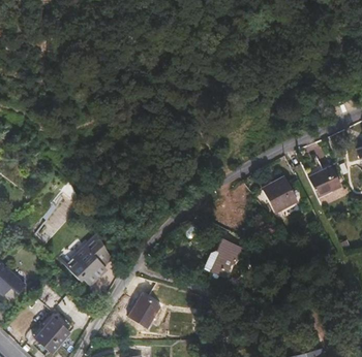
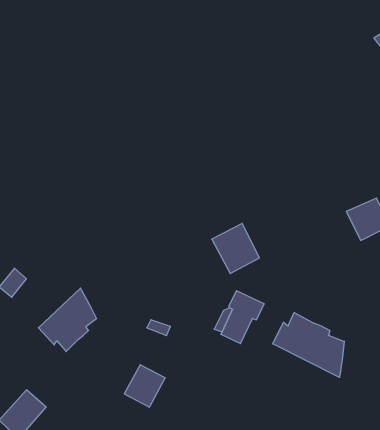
building: [260,173,297,213] -> [212,223,259,274]
building: none -> [273,313,344,377]

